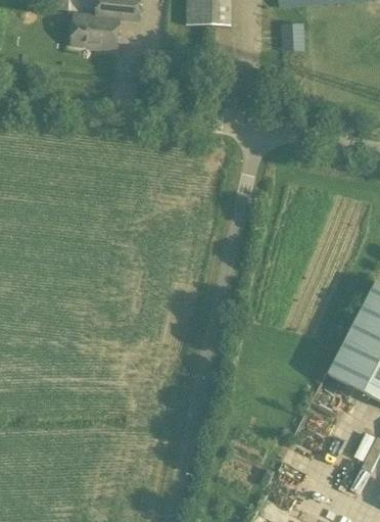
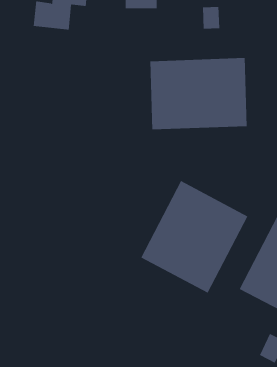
building: none -> [150,57,247,130]
building: none -> [140,180,248,293]

